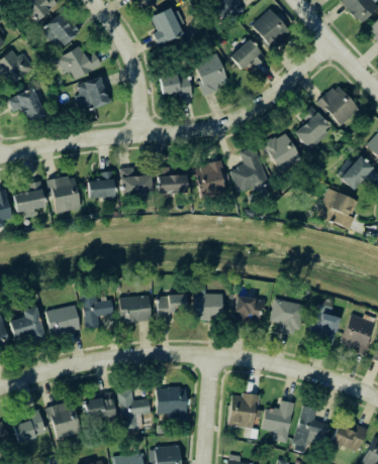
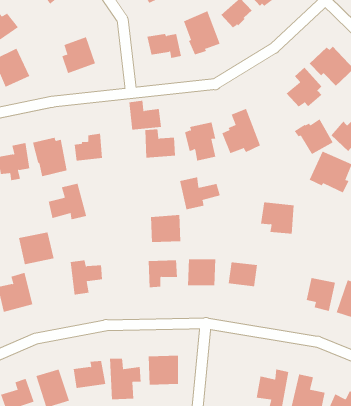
building: [57,46,101,80] -> none
building: [260,133,298,168] -> [294,119,333,155]
building: [118,167,151,197] -> [128,100,162,130]
building: none -> [180,177,221,210]
building: none -> [48,183,87,220]
building: [121,296,152,323] -> [150,215,181,243]
building: [272,301,305,332] -> [260,202,295,234]
building: [46,305,82,337] -> [18,232,54,265]
building: [229,392,261,429] -> none

